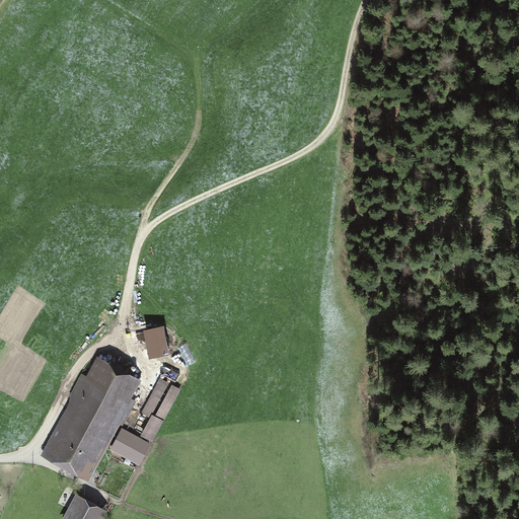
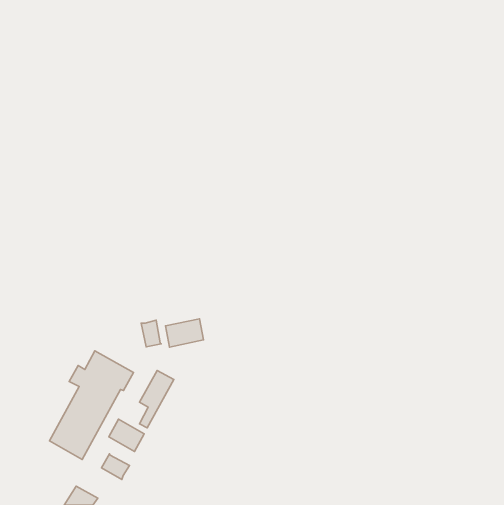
building: none -> [165,319,204,347]
building: none -> [102,454,130,479]

